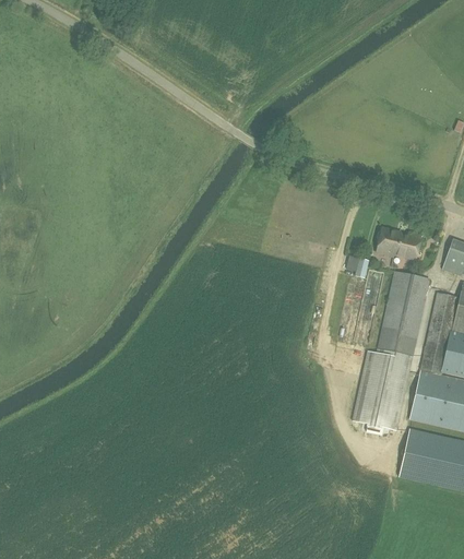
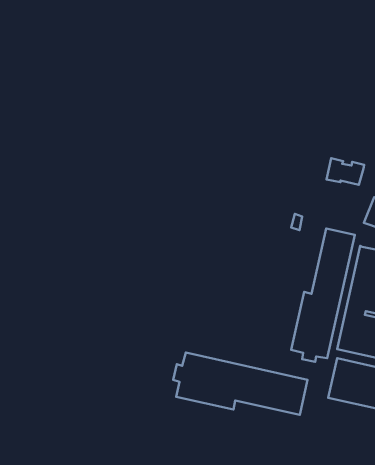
building: [377,225,421,257] -> [327,158,364,185]
building: none -> [173,353,308,415]

